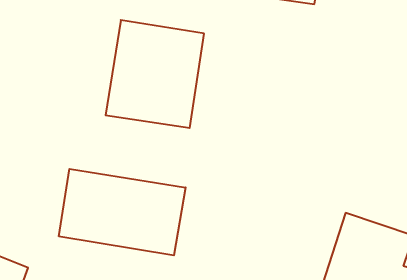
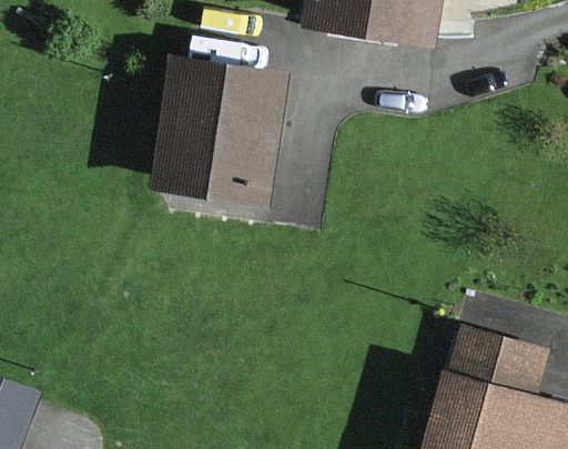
building: [59,169,186,255] -> none

